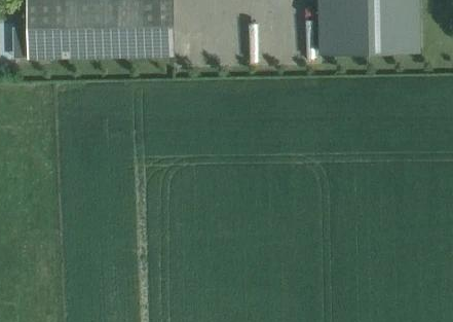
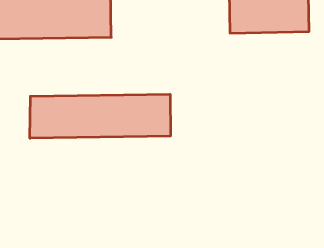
building: none -> [30,94,170,138]

